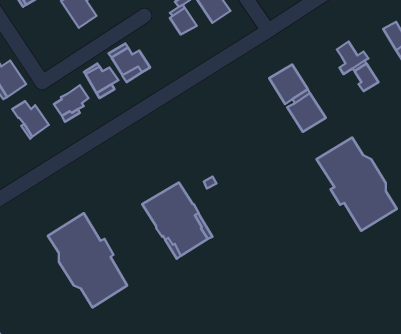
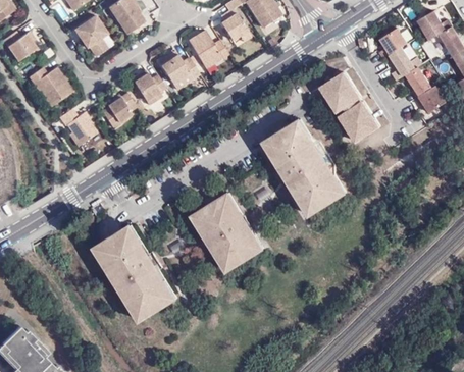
building: none -> [417,12,452,41]
building: none -> [72,15,107,56]
building: none -> [381,30,409,59]
building: none -> [187,31,228,70]
building: none -> [418,87,448,114]
building: [316,137,397,231] -> [263,119,346,215]

